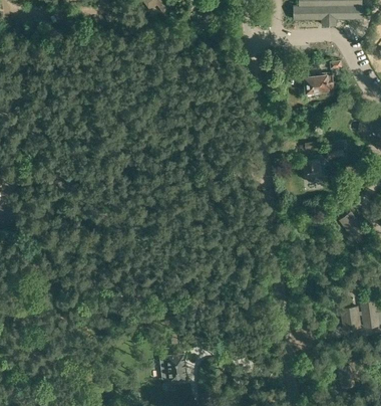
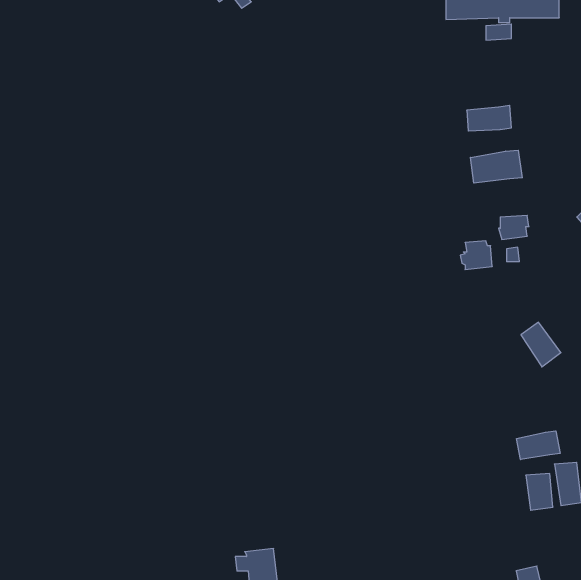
building: none -> [470,150,522,183]
building: none -> [517,431,560,460]

